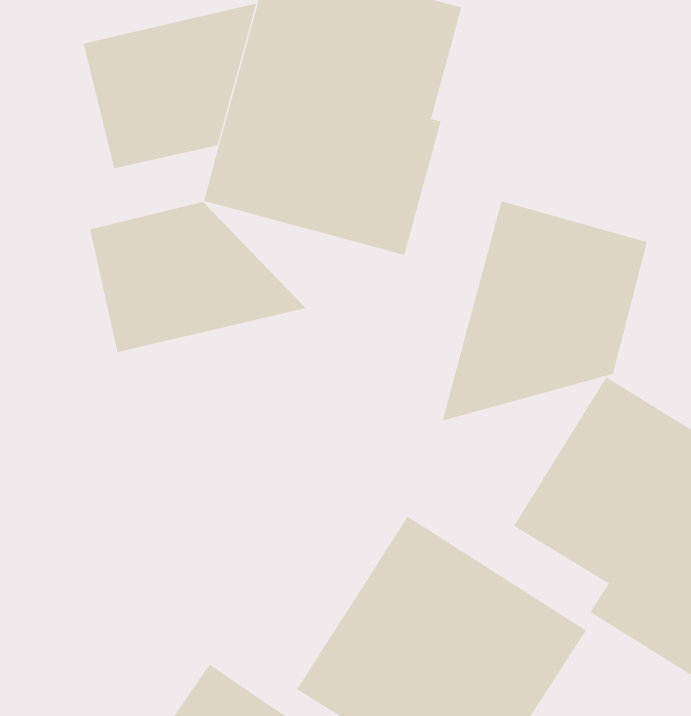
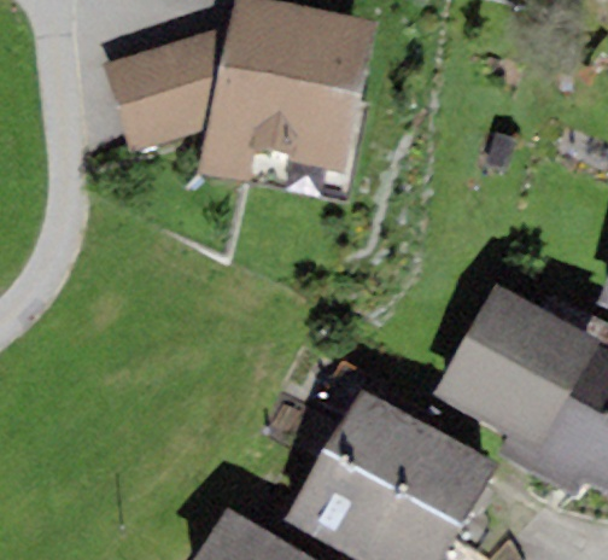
building: [442,201,648,421] -> none
building: [89,201,307,353] -> none

